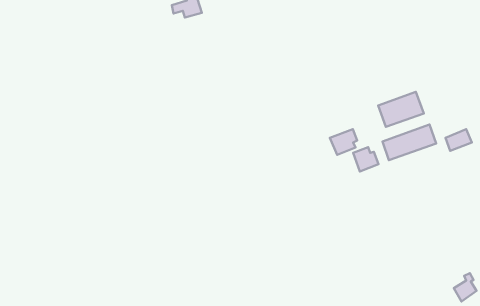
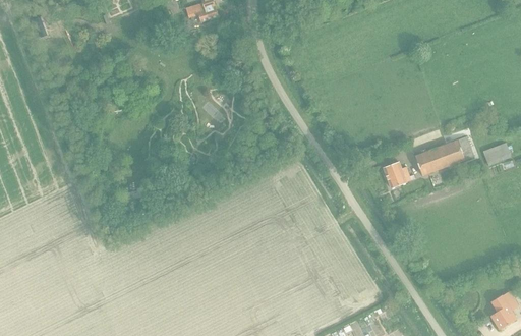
building: [378,92,424,127] -> none
building: [330,129,357,155] -> none

